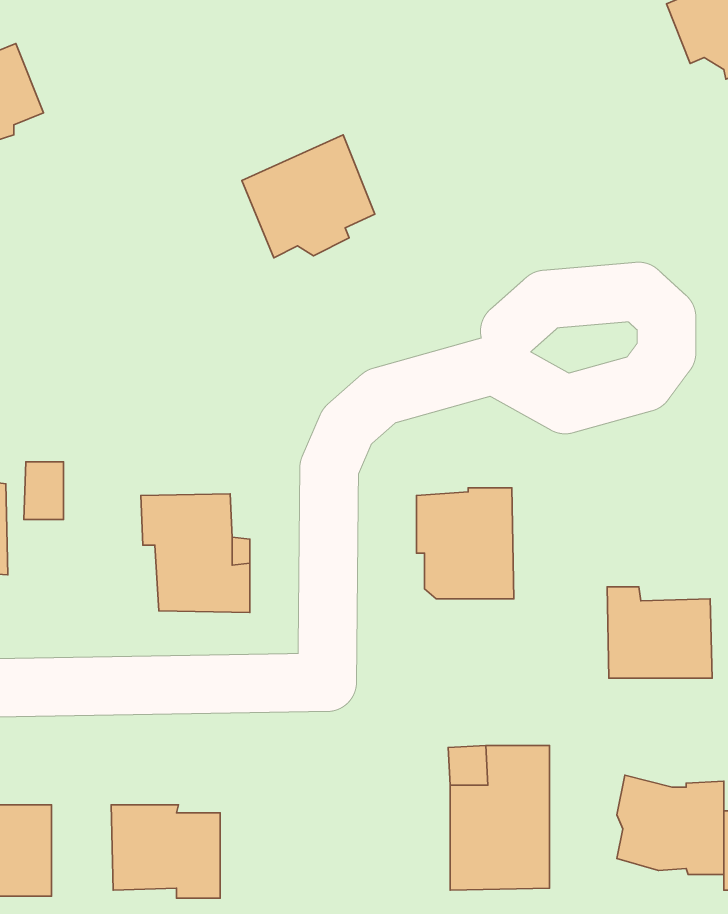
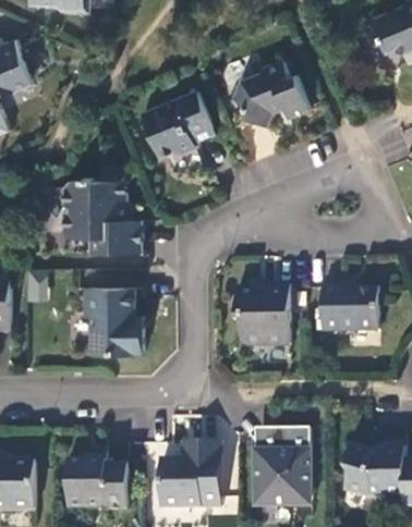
building: none -> [231,59,311,125]
building: none -> [60,170,140,255]
building: [607,587,712,678] -> [324,281,381,331]
building: none -> [157,439,218,507]

